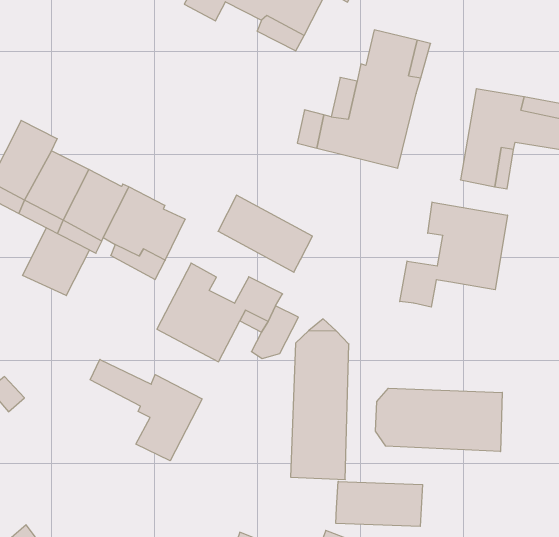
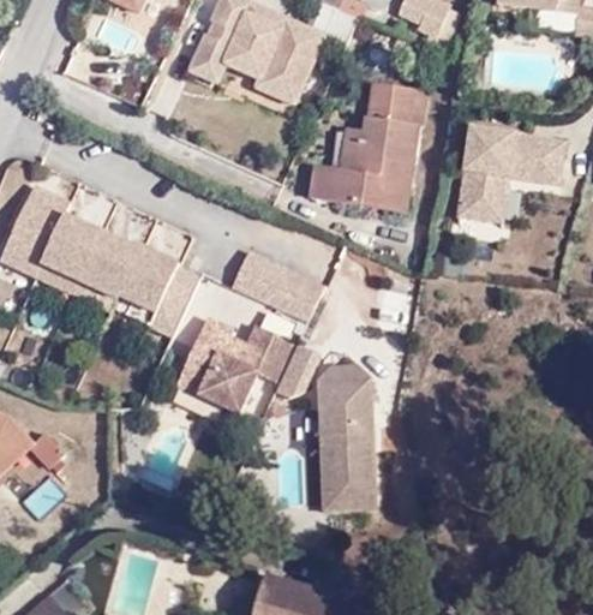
building: [400,202,507,307] -> none
building: [23,228,90,296] -> none
building: [90,359,202,461] -> none
building: [375,388,502,452] -> none
building: [336,481,423,526] -> none

